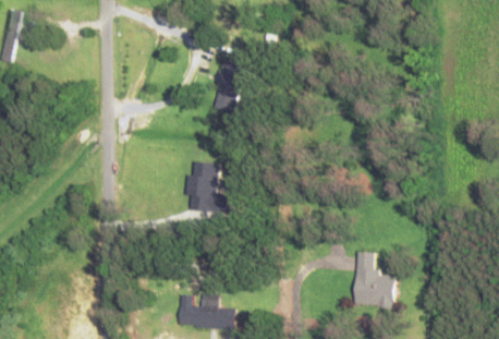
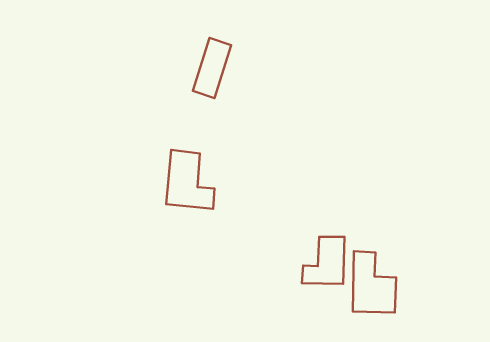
building: none -> [302,237,344,284]
building: [185,292,234,328] -> none

